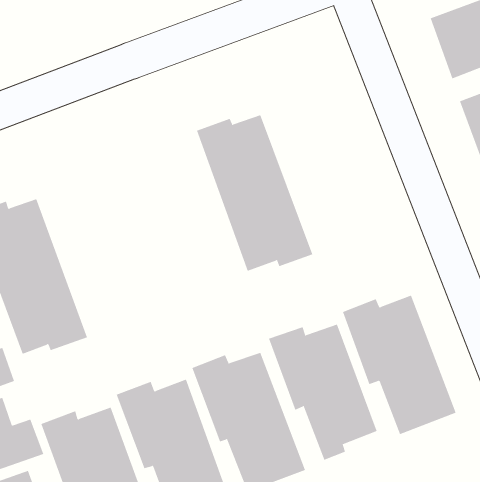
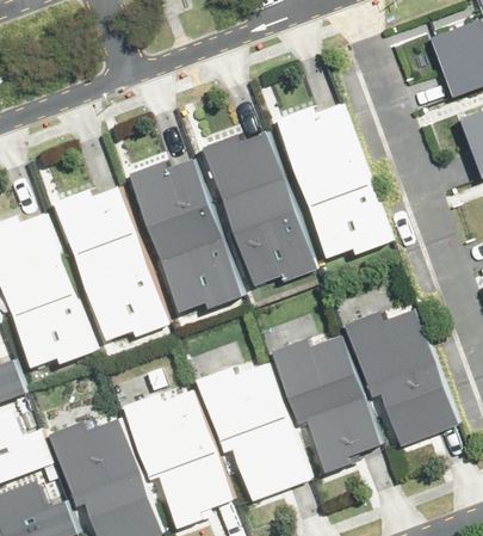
building: none -> [275,105,388,258]
building: none -> [129,159,242,310]
building: none -> [54,186,169,341]

